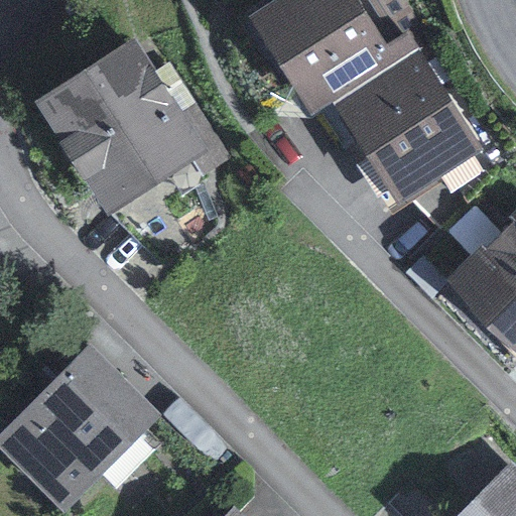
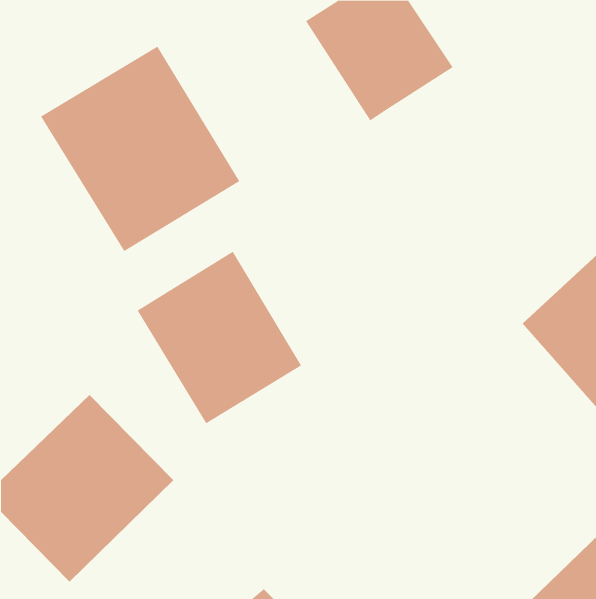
building: [334,48,475,198] -> none
building: none -> [137,251,302,424]

